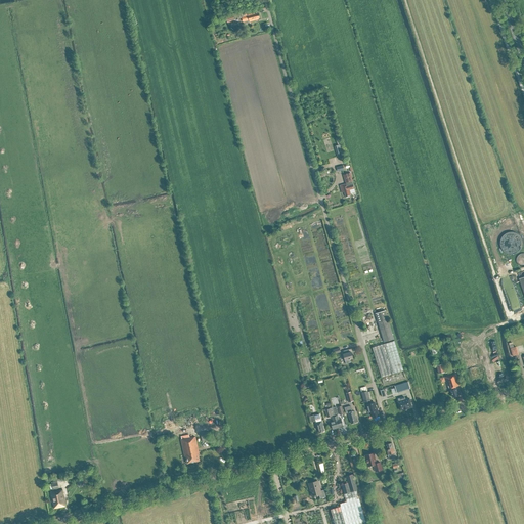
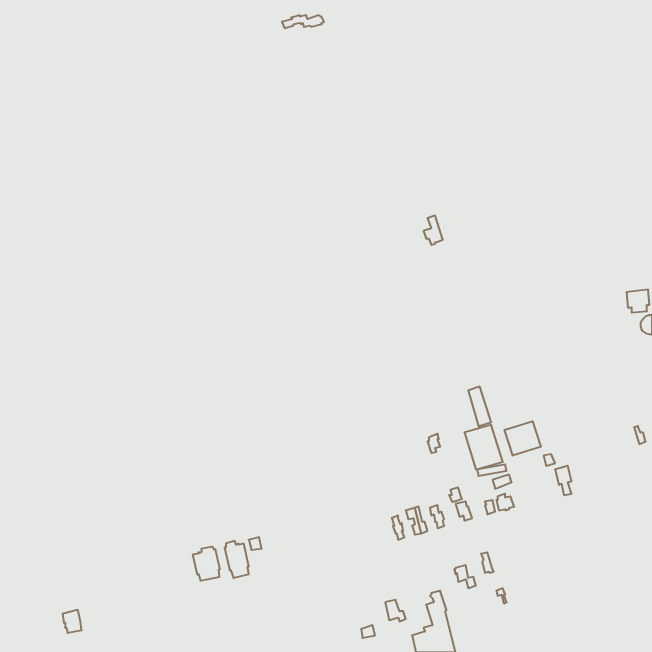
building: none -> [504,421,541,456]
building: none -> [193,547,220,581]

